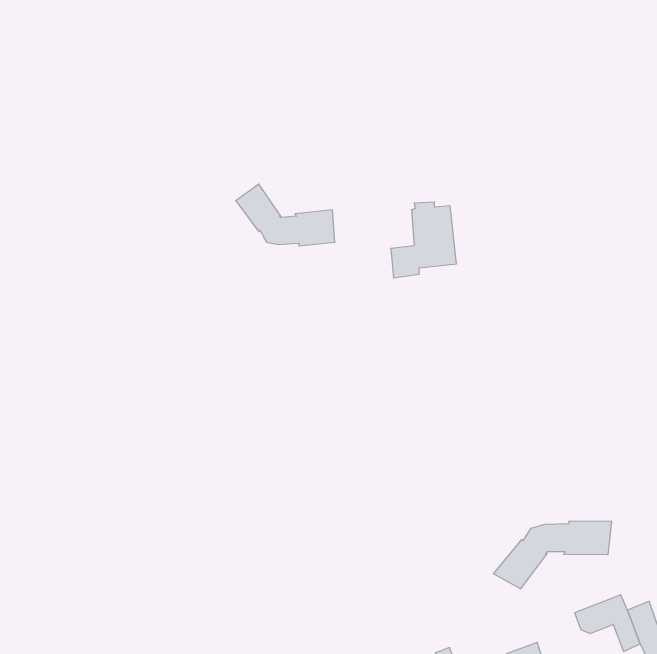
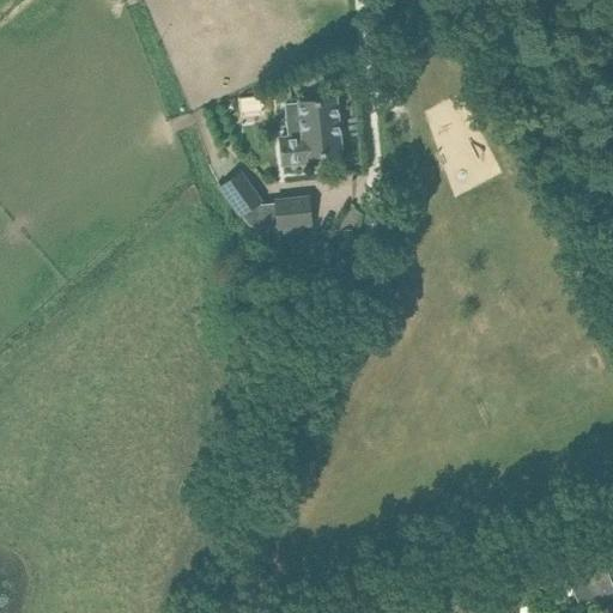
building: [391,202,457,278] -> [281,98,342,169]
building: [494,521,612,589] -> none

